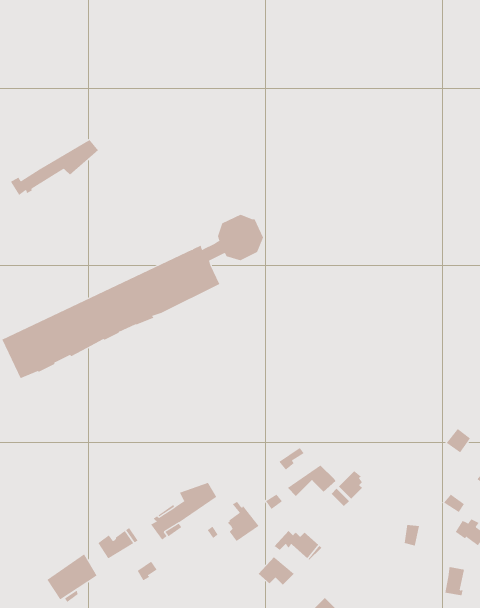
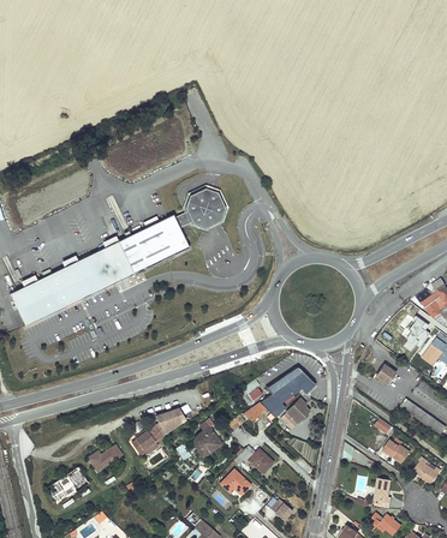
building: [10,139,99,196] -> none
building: none -> [266,367,314,406]

